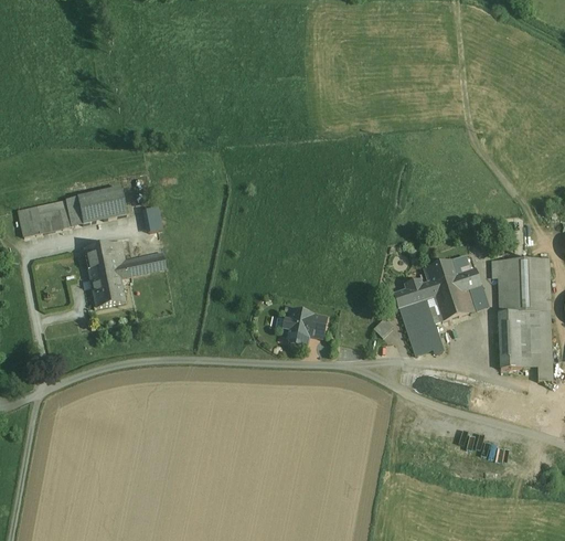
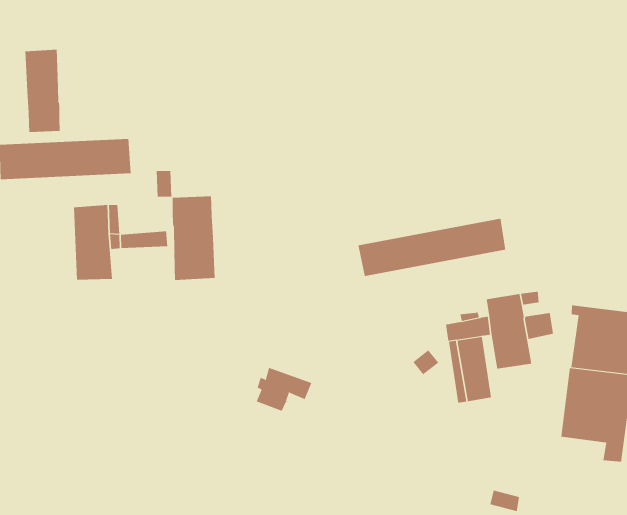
building: none -> [25,49,60,133]
building: none -> [358,218,506,277]
building: none -> [172,196,215,281]
building: [284,309,327,342] -> [256,367,312,411]

